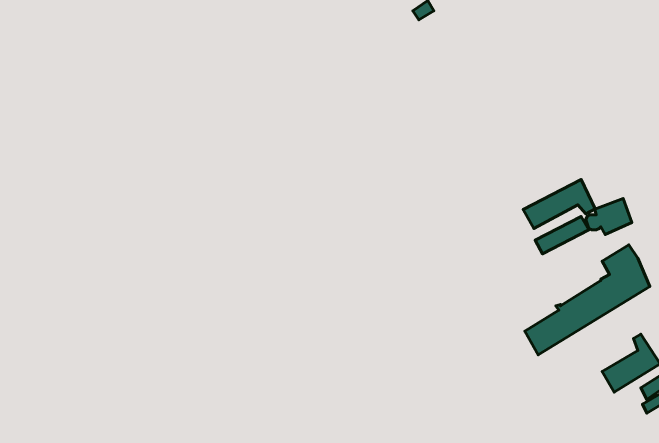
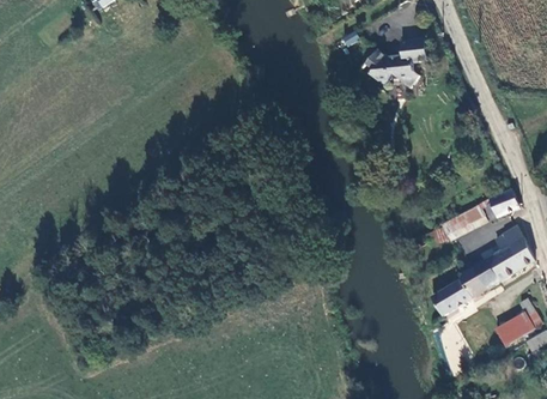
building: none -> [366,38,427,87]
building: [523,180,595,229] -> none

